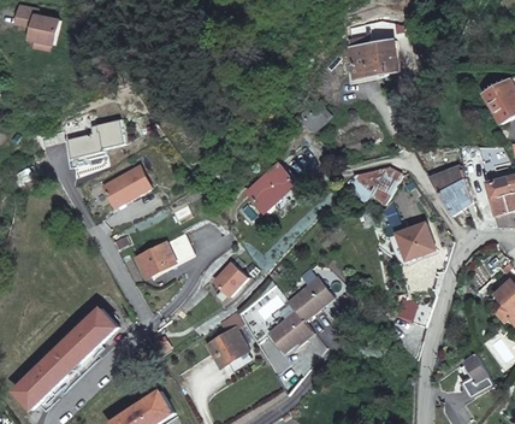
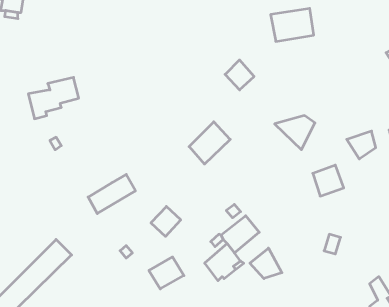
building: [100,165,149,208] -> none
building: [427,165,466,192] -> none
building: none -> [250,248,282,279]

